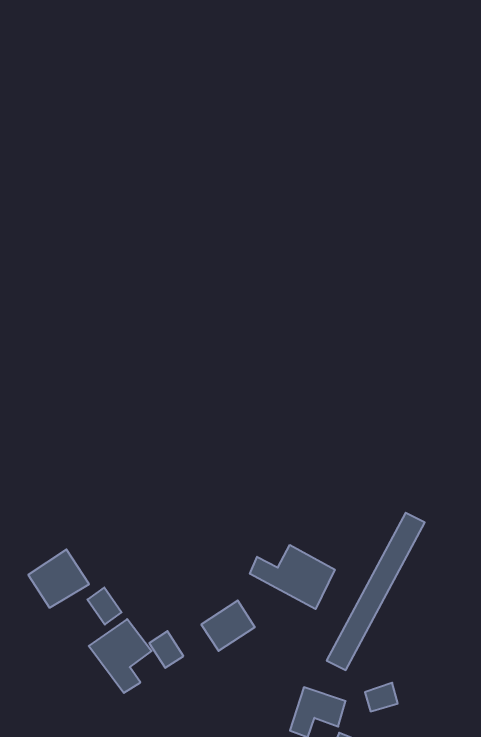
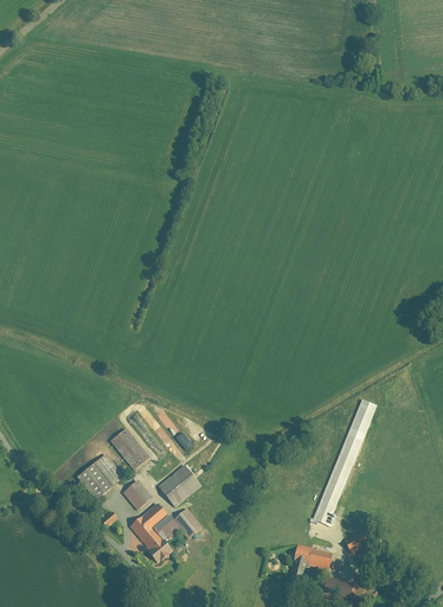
building: none -> [110,430,146,468]
building: [250,545,335,609] -> none
building: [201,600,255,651] -> [158,466,199,506]

